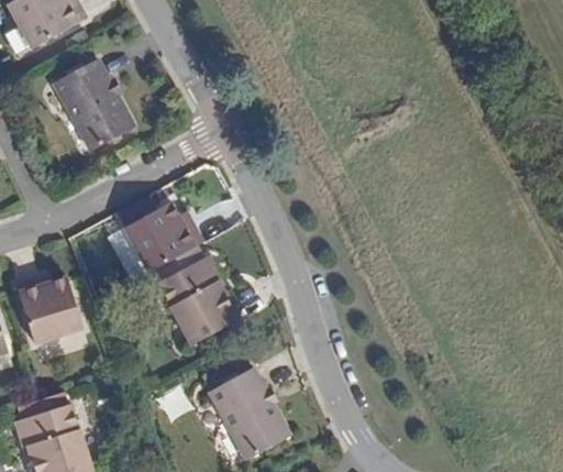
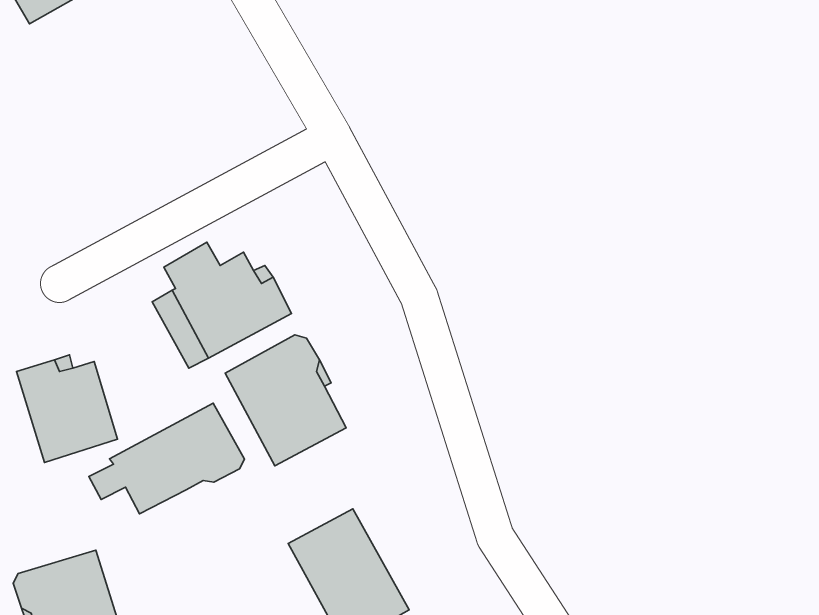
building: [52,59,133,152] -> none
building: none -> [89,403,245,514]

